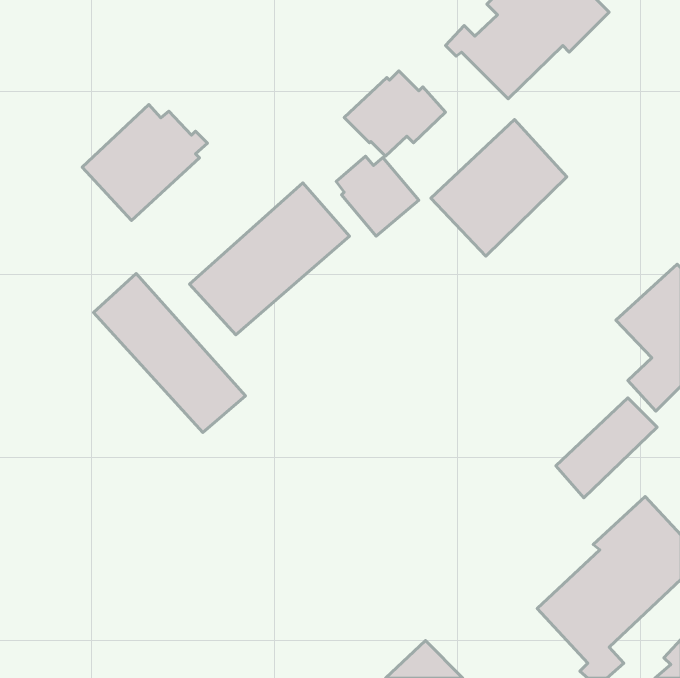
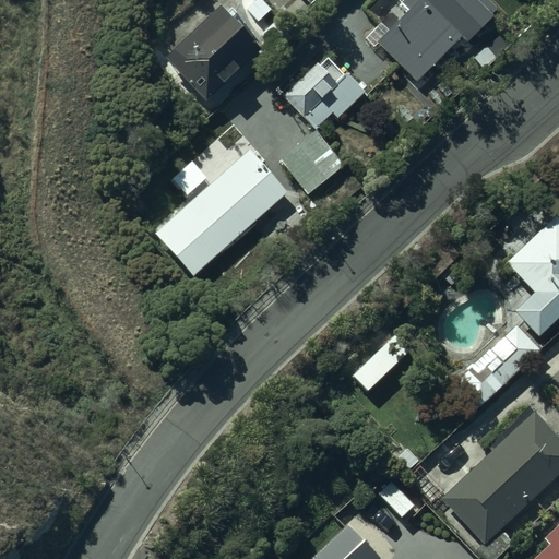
building: [82,105,208,221] -> [165,8,267,103]
building: [431,120,567,256] -> none
building: [93,273,245,433] -> none

